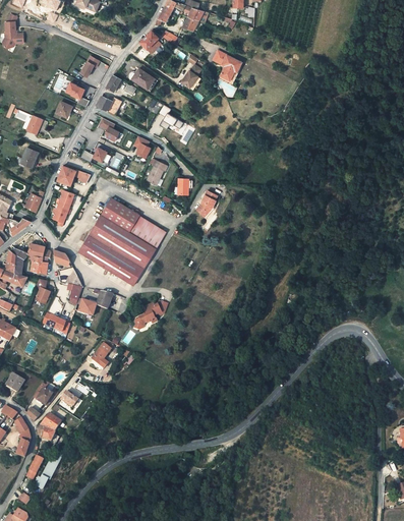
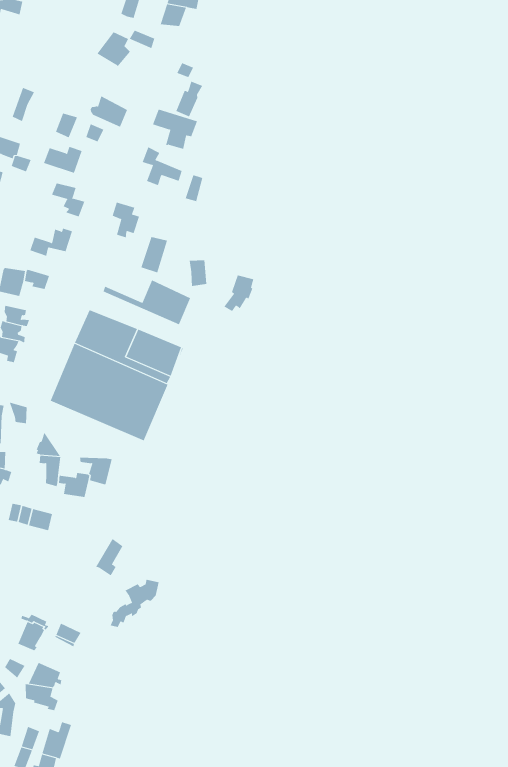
building: [213,53,241,80] -> [152,109,198,149]
building: none -> [103,279,191,325]
building: [132,301,167,329] -> [110,579,159,627]

